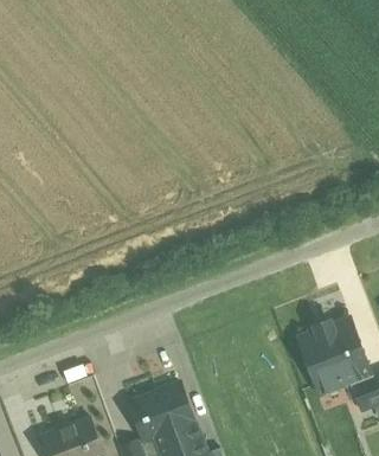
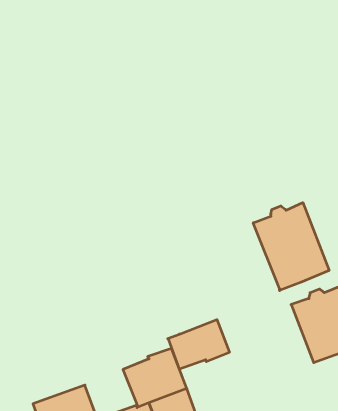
building: none -> [253,203,329,291]
building: none -> [168,320,229,369]

